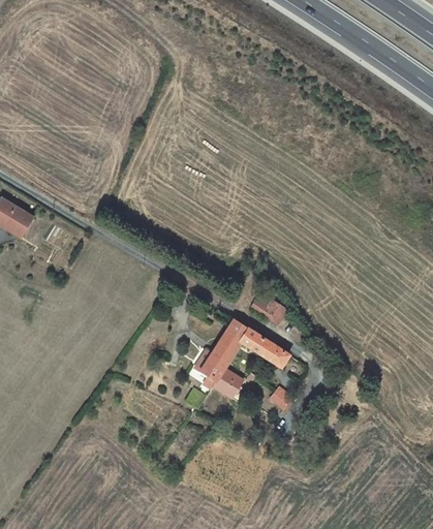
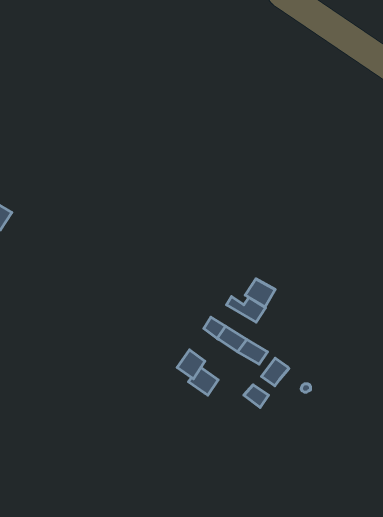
building: none -> [245,279,275,307]
building: [212,331,242,364] -> none
building: none -> [261,358,289,386]

